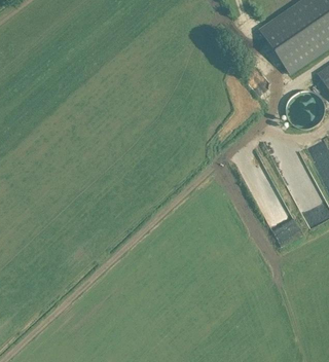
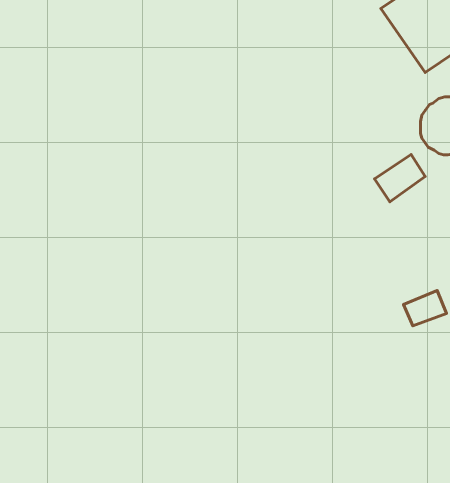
building: none -> [374,154,425,202]

